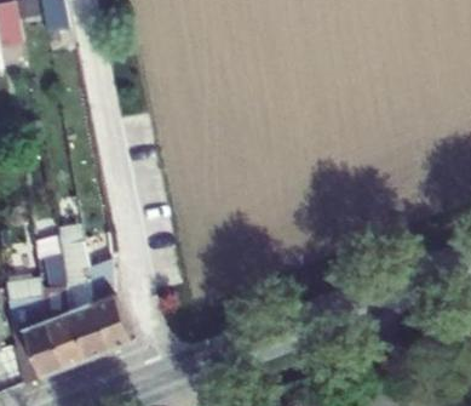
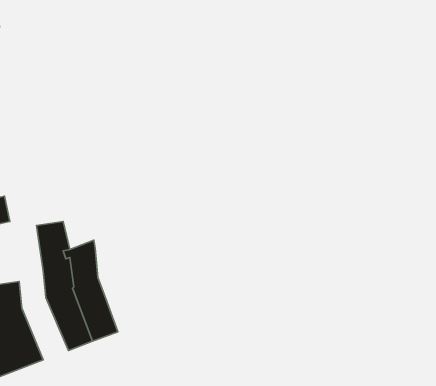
building: [44,253,90,367] -> none

